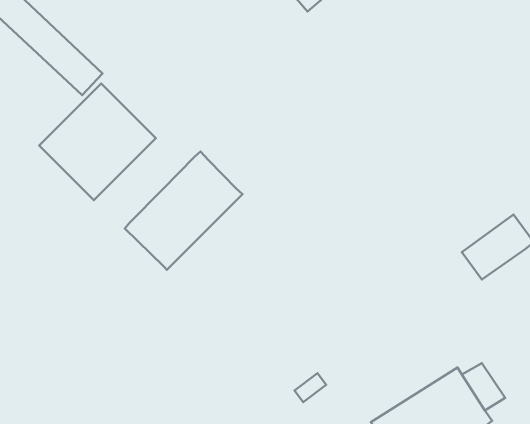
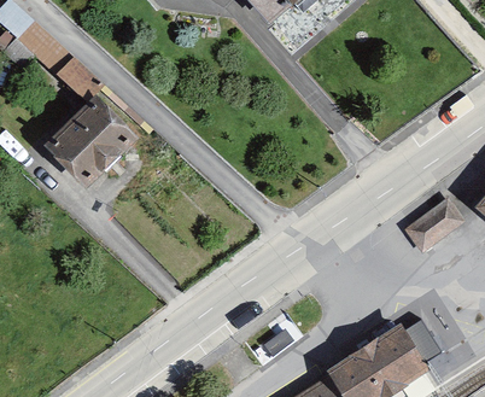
building: [125,152,242,270] -> none

